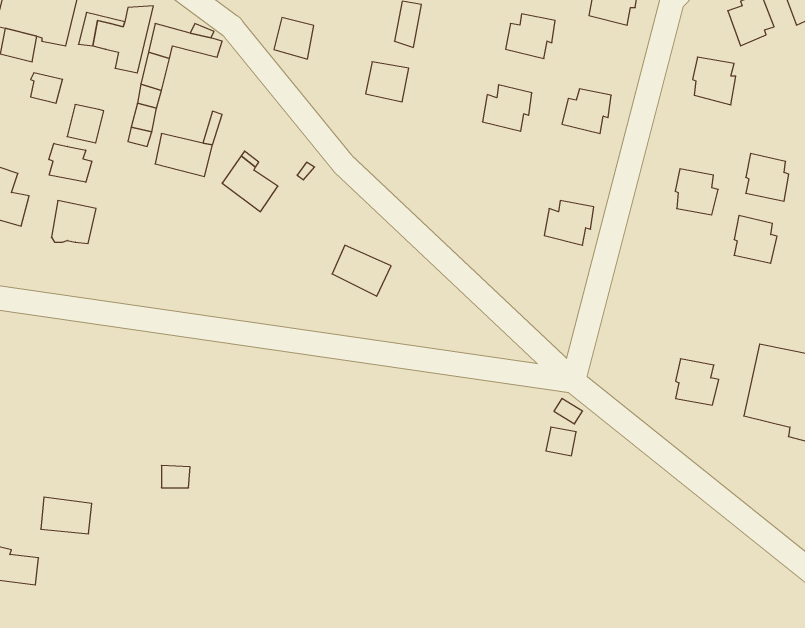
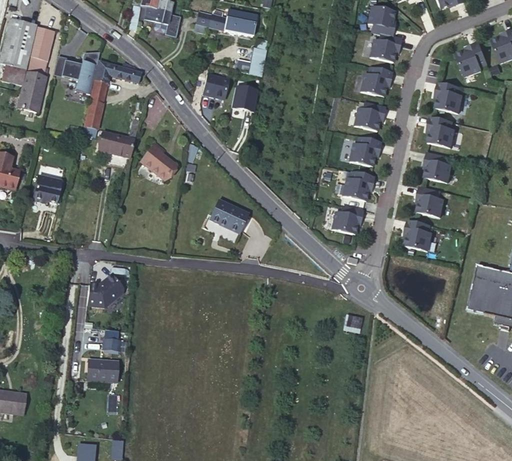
building: [506,14,555,59] -> [360,68,391,96]
building: [274,18,314,59] -> [201,73,226,99]
building: [482,85,532,131] -> [349,136,380,165]
building: [67,105,104,143] -> [22,72,45,96]
building: [49,143,92,182] -> none
building: [746,153,789,201] -> [427,116,454,146]
building: [734,215,777,263] -> [416,186,443,216]
building: none -> [332,205,363,233]
building: [676,359,719,405] -> [405,220,432,249]
building: none -> [86,276,123,305]
building: [41,497,92,534] -> [86,357,118,380]

